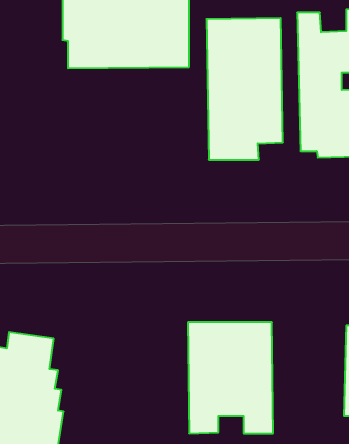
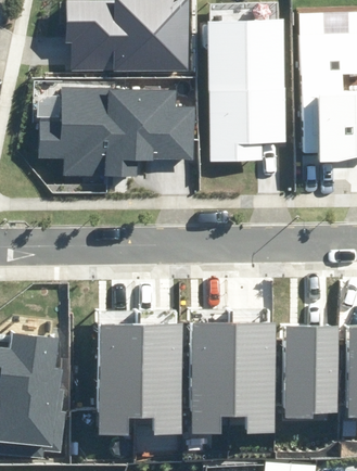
building: none -> [38,87,194,177]
building: none -> [99,323,182,436]
building: none -> [285,328,337,419]

